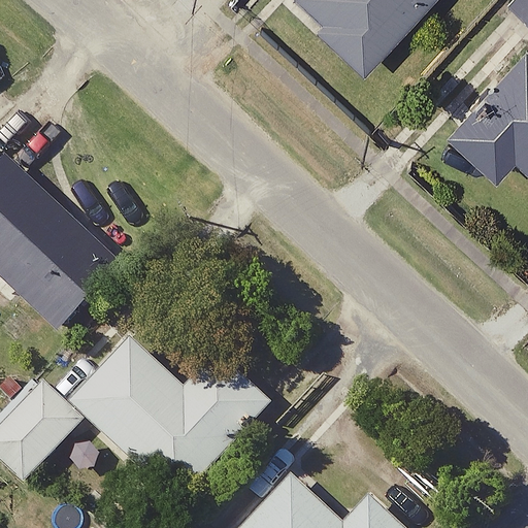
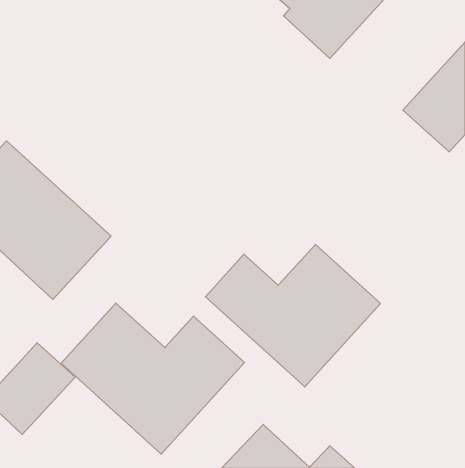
building: none -> [205,244,380,387]

